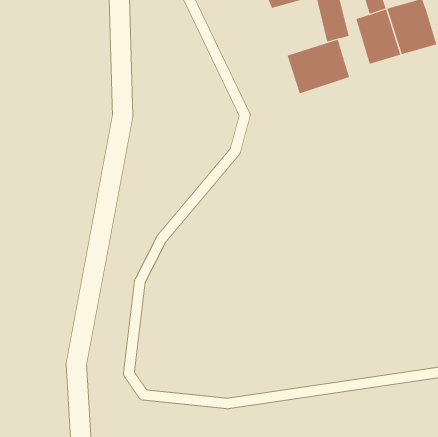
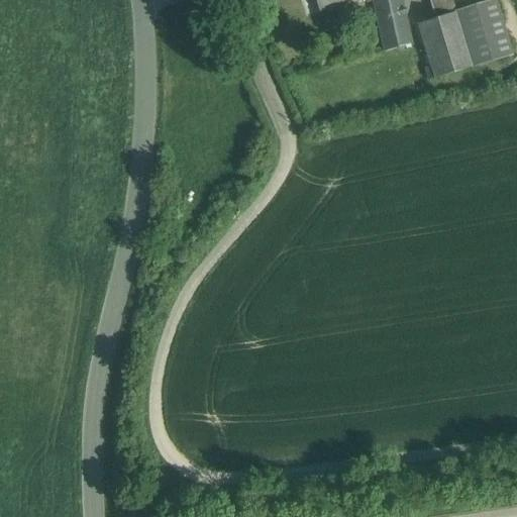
building: [287,39,350,94] -> none

